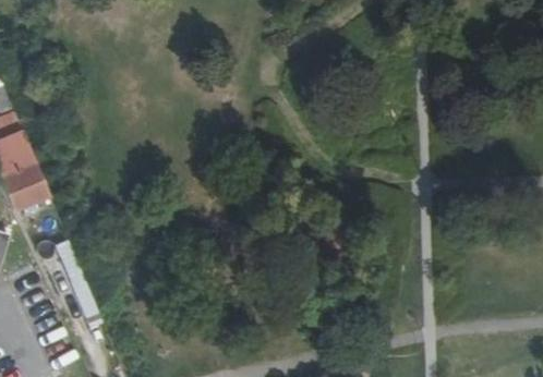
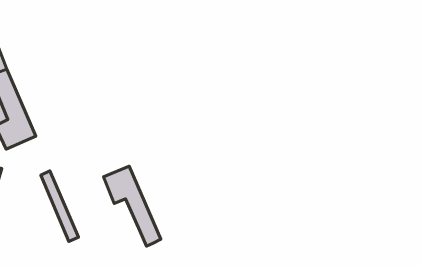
building: none -> [104,166,161,246]

